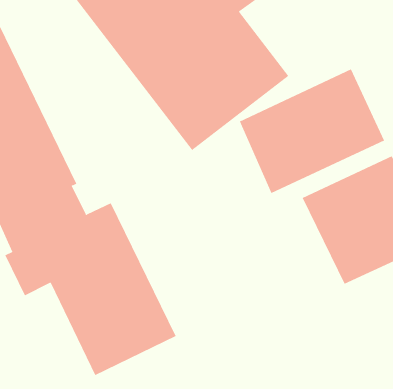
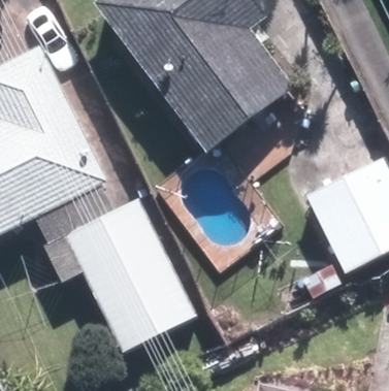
building: [239,69,385,194] -> none

